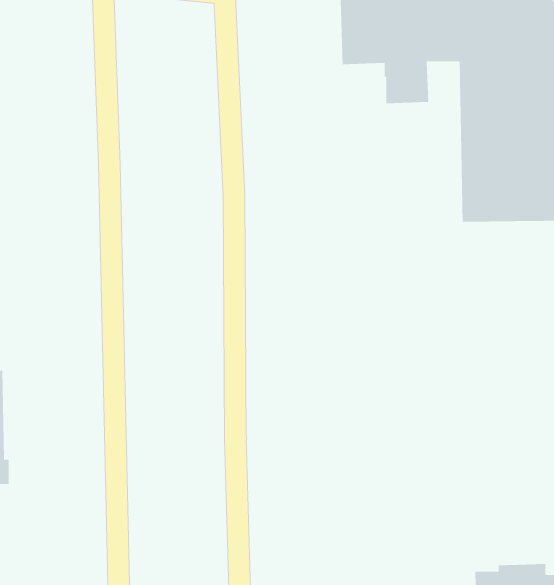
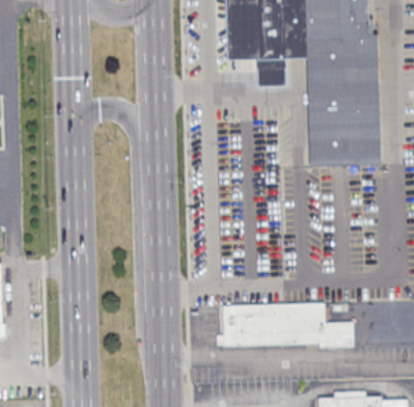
building: none -> [221,303,353,347]

